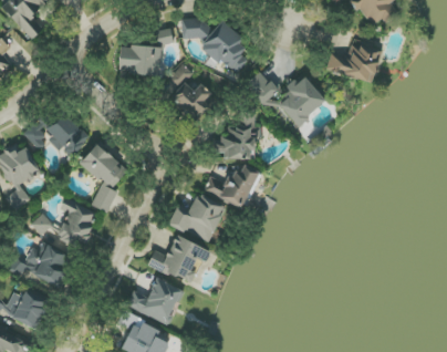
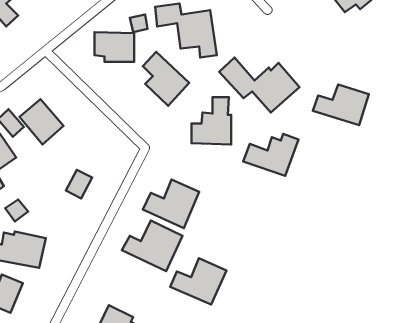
building: [325,42,382,83] -> [313,84,369,125]
building: [80,144,127,189] -> none
building: [202,166,258,208] -> [243,134,298,176]
building: [55,197,97,247] -> none
building: [126,278,183,324] -> [170,258,227,305]

